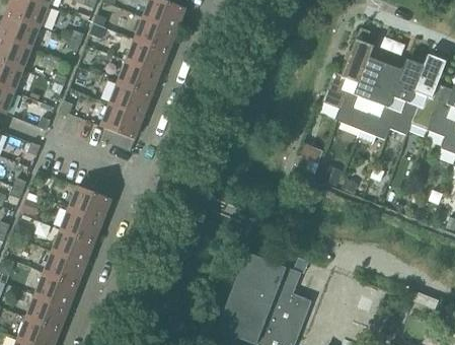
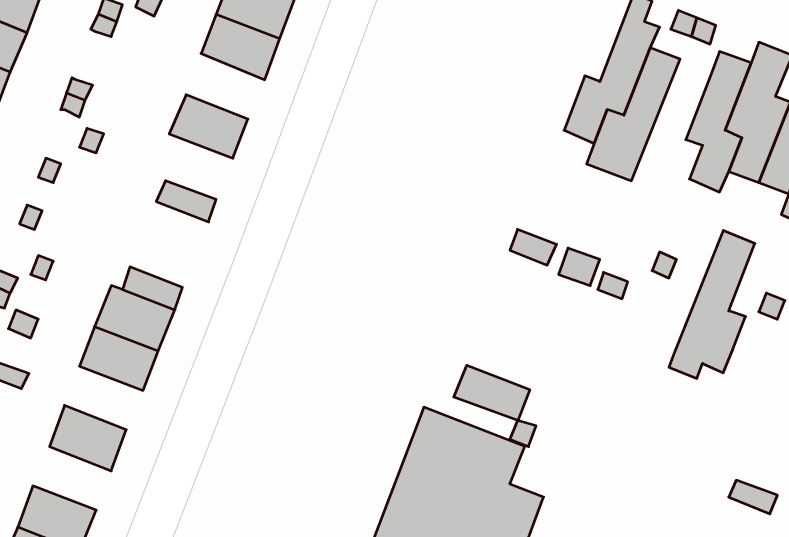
building: [118,61,160,96] -> none
building: [356,64,402,144] -> [669,230,755,378]
building: [100,105,143,140] -> none
building: none -> [454,365,530,420]
building: [52,230,94,265] -> none
building: [34,274,77,308] -> none

